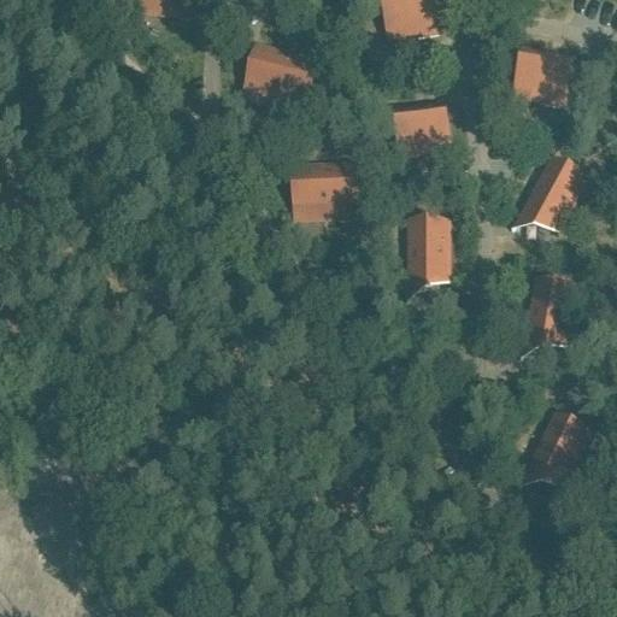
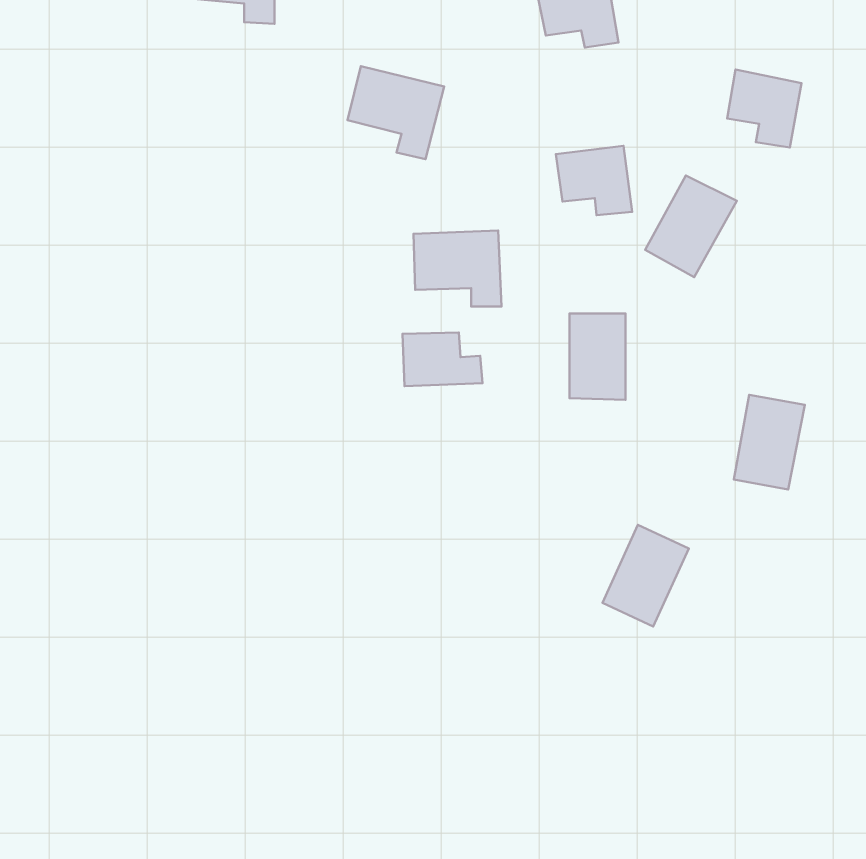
building: [518,160,583,233] -> [645,175,737,277]
building: none -> [403,332,483,386]
building: [525,416,587,488] -> [602,525,689,626]

